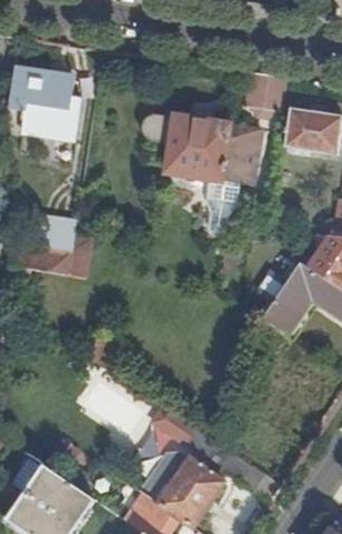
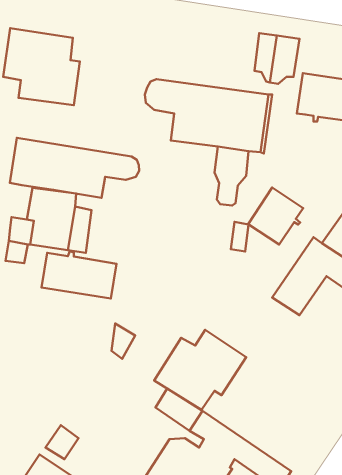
building: none -> [10,138,139,198]
building: none -> [248,188,303,245]
building: none -> [42,251,117,299]
building: none -> [154,330,246,410]

